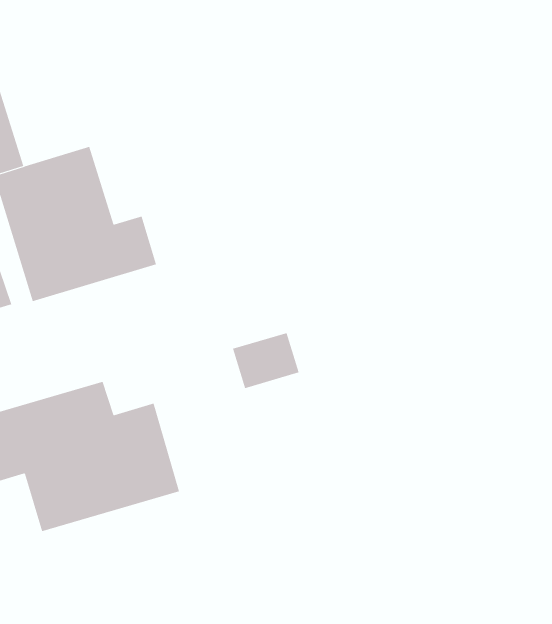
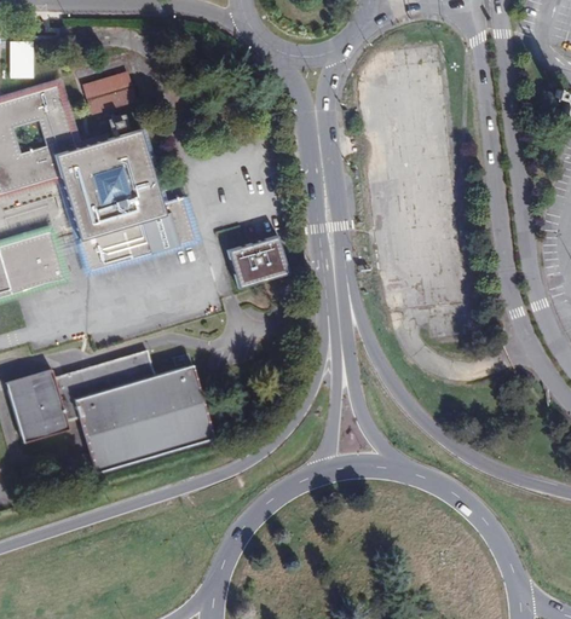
building: none -> [85,63,139,106]
building: [232,332,299,389] -> [226,238,287,289]

